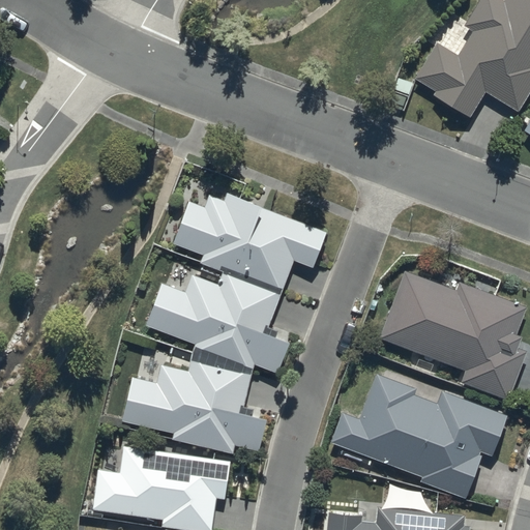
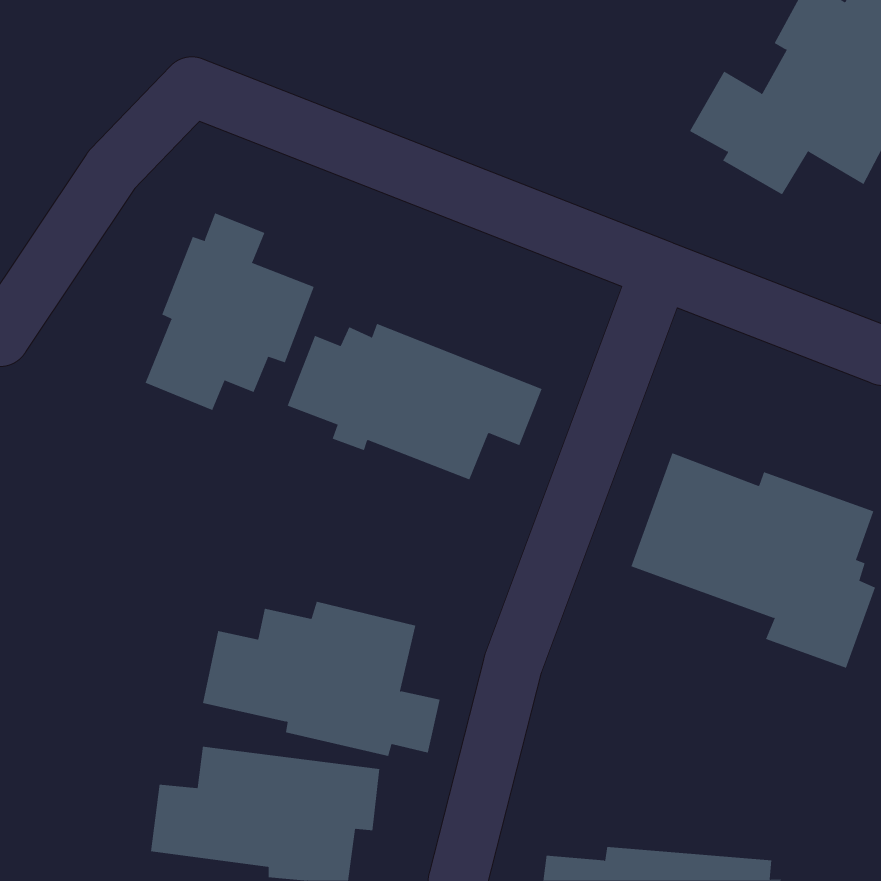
building: none -> [145,213,314,411]
building: [146,271,293,374] -> none
building: [330,374,506,499] -> none

